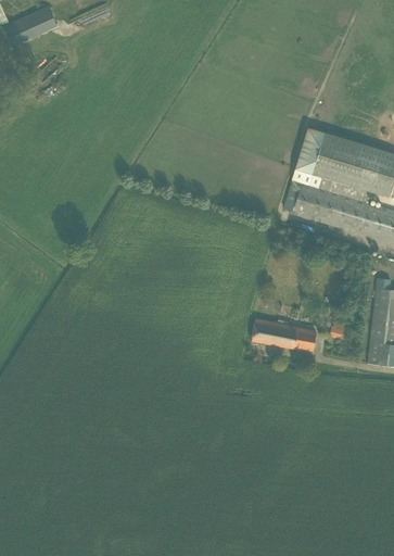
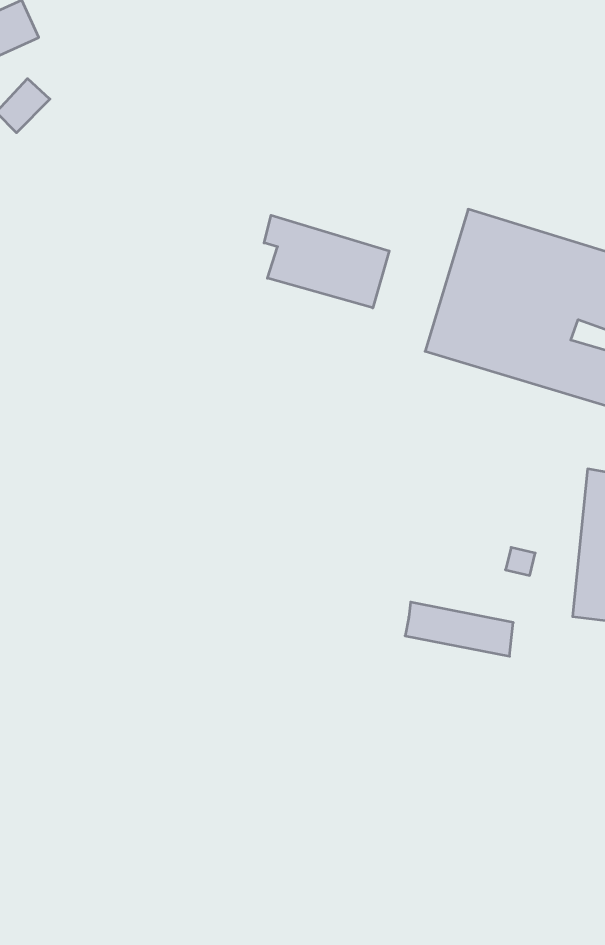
building: none -> [264,215,389,308]
building: [252,320,315,352] -> [405,602,513,656]

